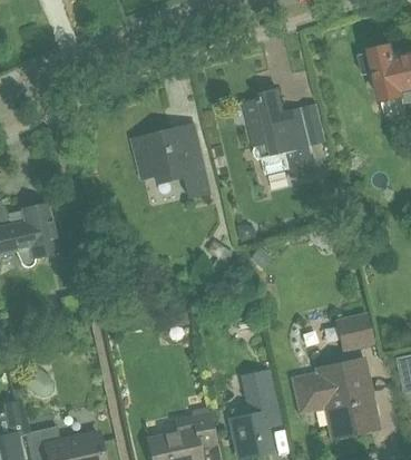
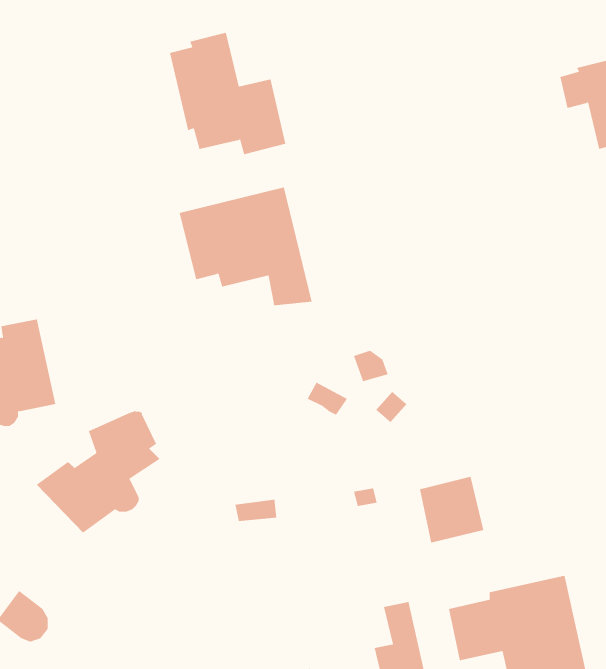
building: [243,89,313,163] -> [169,32,286,155]
building: none -> [36,410,161,534]
building: [334,312,373,352] -> [419,476,484,543]

